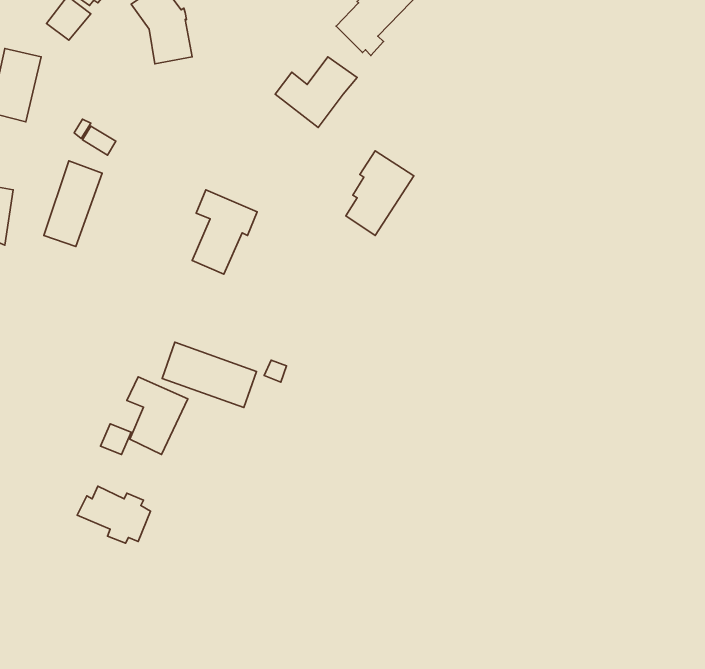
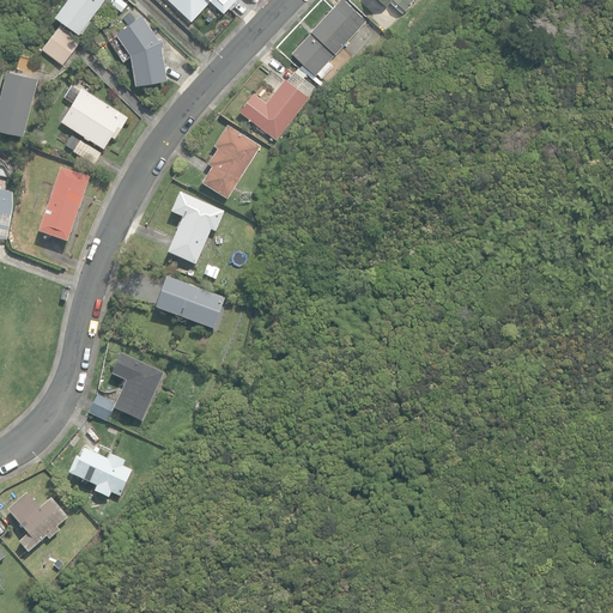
building: none -> [59,87,127,147]
building: [346,151,414,235] -> [201,123,260,196]
building: [162,342,256,407] -> [153,278,235,334]
building: none -> [7,494,67,553]

